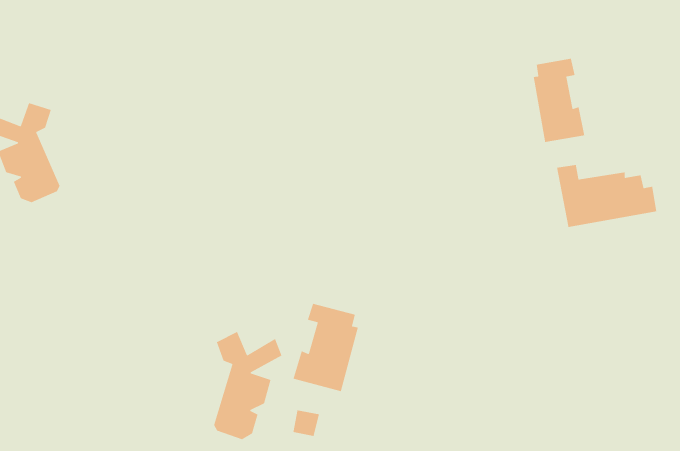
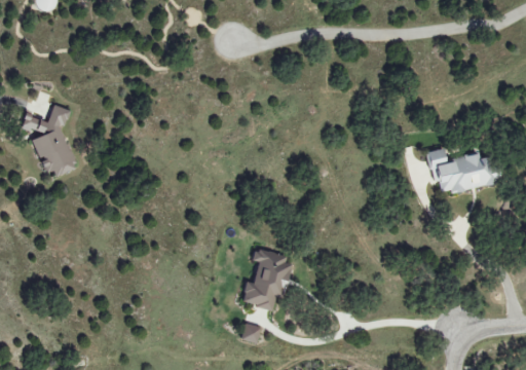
building: [533,58,585,143] -> none
building: [213,331,282,440] -> none

